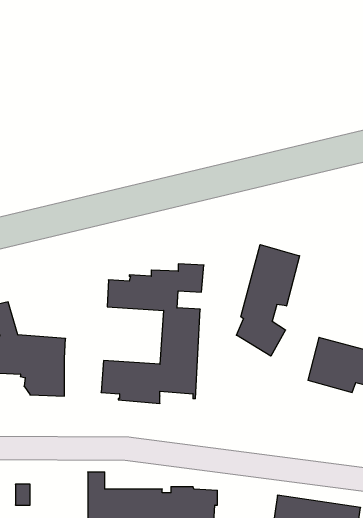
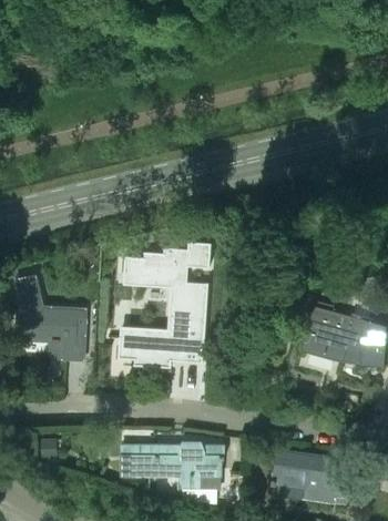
building: [236,245,300,356] -> none

